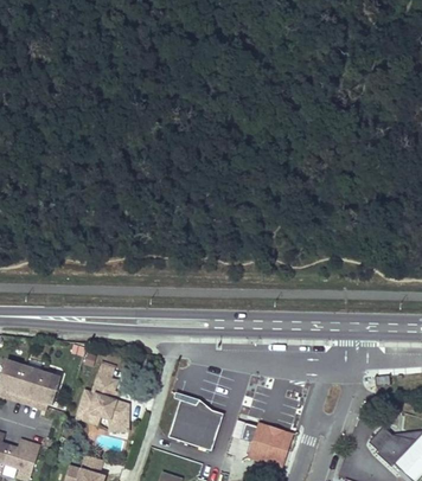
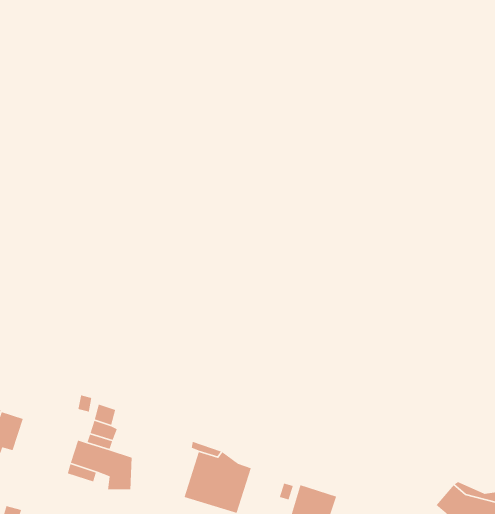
building: [31,372,59,409] -> none

